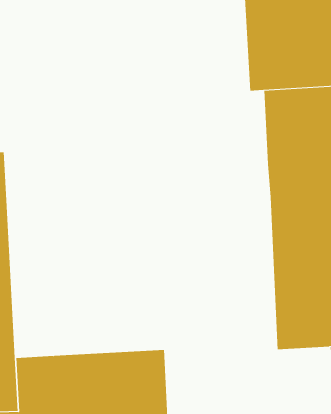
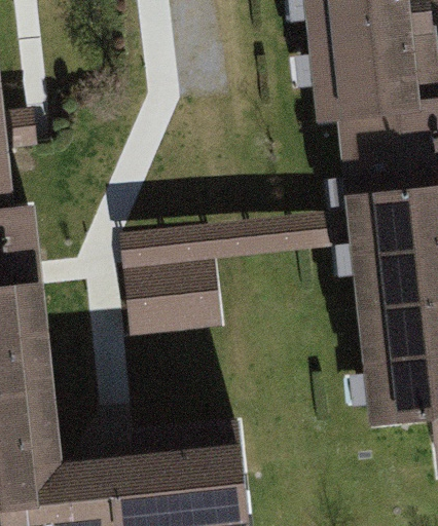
building: none -> [121,208,350,340]

